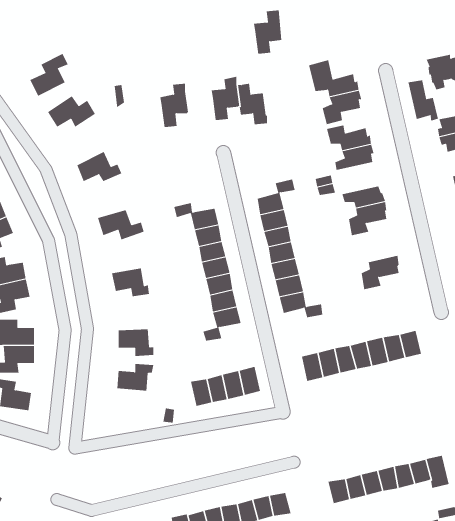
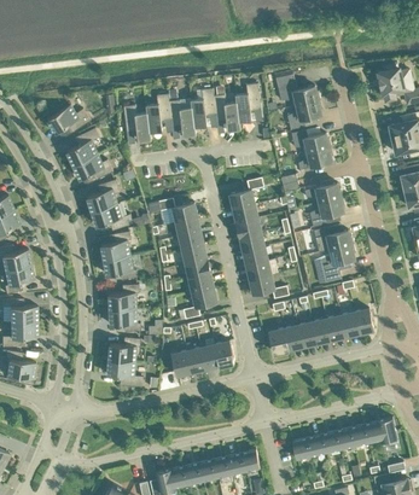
building: [253,10,282,54] -> [234,83,260,122]
building: [30,53,68,96] -> [65,128,99,165]
building: [408,80,438,121] -> none
building: none -> [168,100,194,136]
building: none -> [123,105,150,141]
building: none -> [86,180,120,211]
building: none -> [313,227,353,250]
building: none -> [100,232,130,260]
building: none -> [107,285,138,309]
building: none -> [106,360,141,386]

